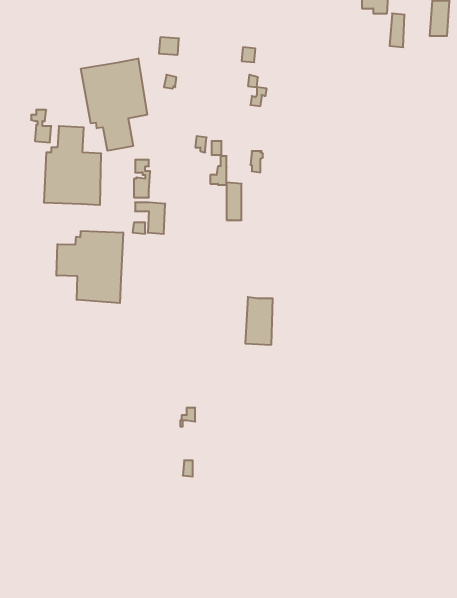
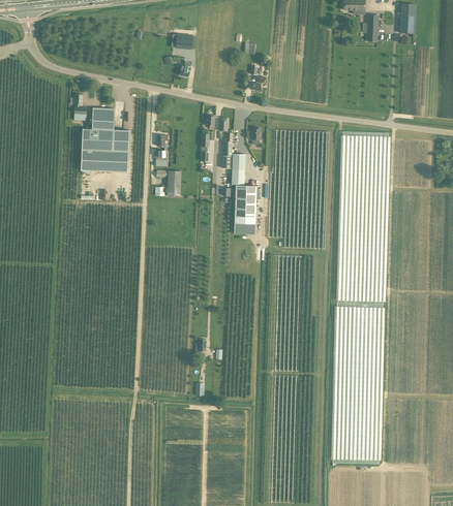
building: [81,58,147,151] -> none
building: [56,231,123,303] -> none
building: [245,297,273,345] -> [233,184,255,223]

